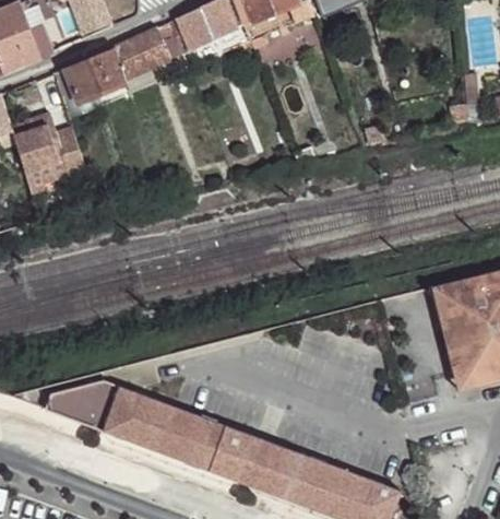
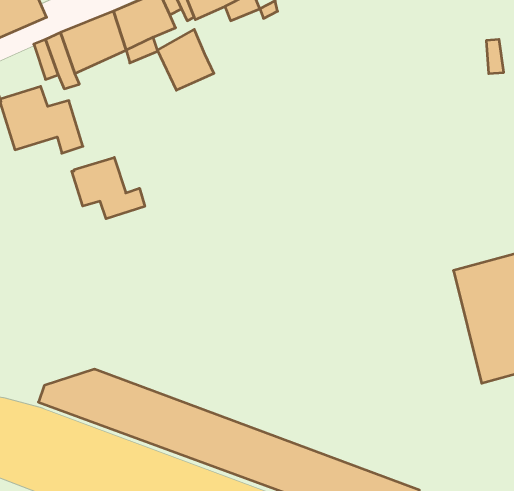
building: none -> [158,29,214,90]
building: none -> [72,157,145,219]

